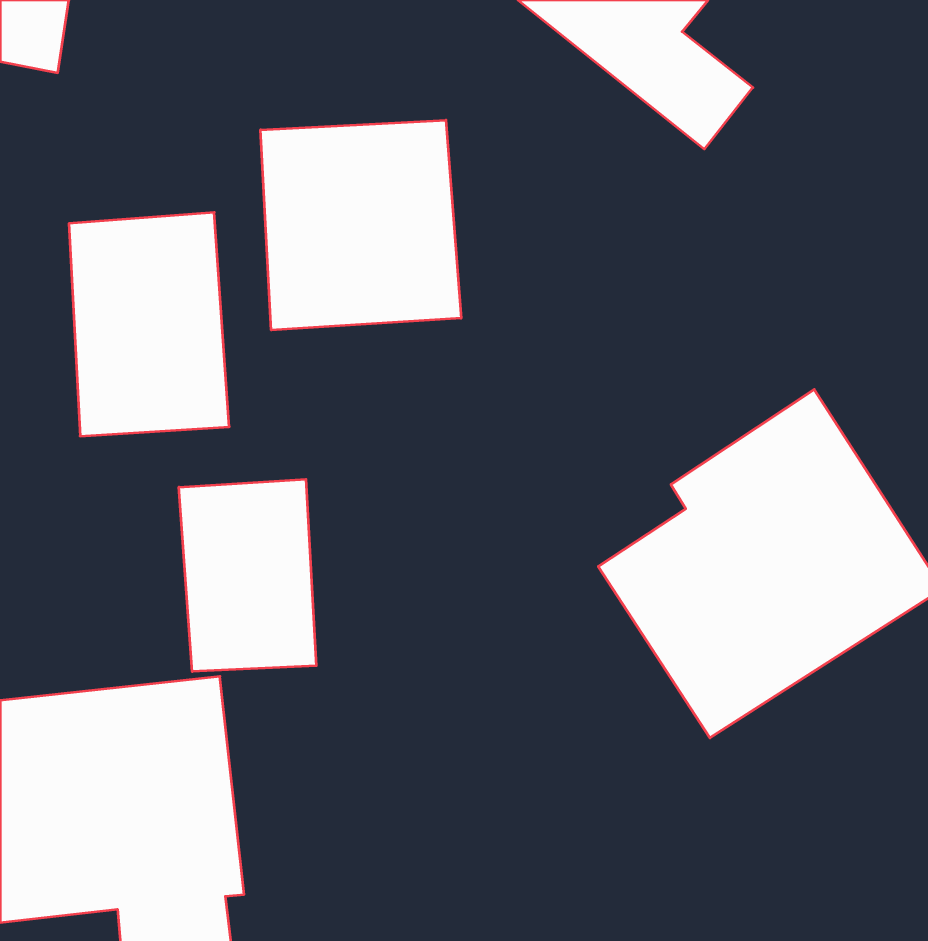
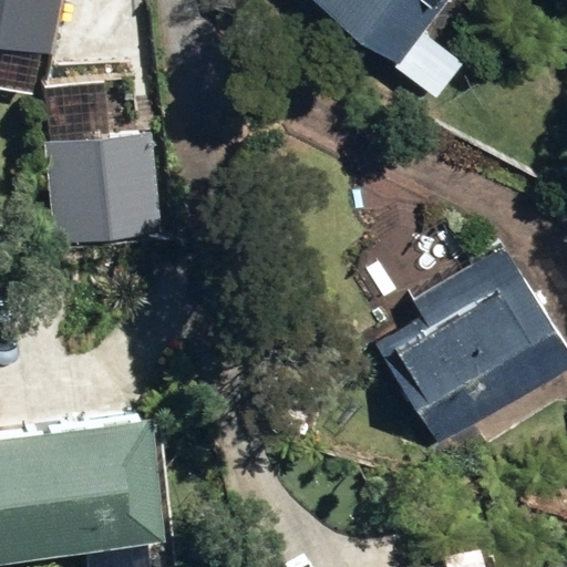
building: [261,120,461,330] -> none
building: [179,479,316,672] -> none

